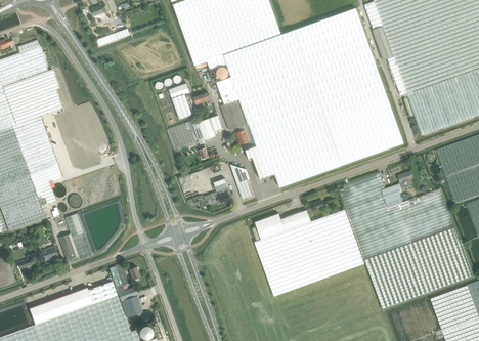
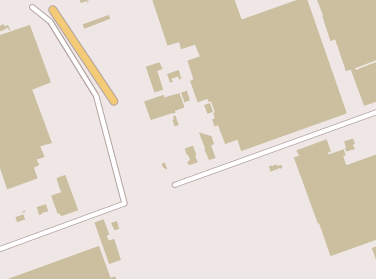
building: [255,209,364,296] -> none
building: [30,281,117,325] -> none

